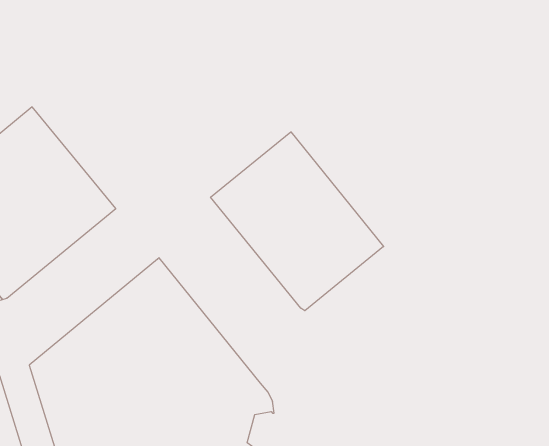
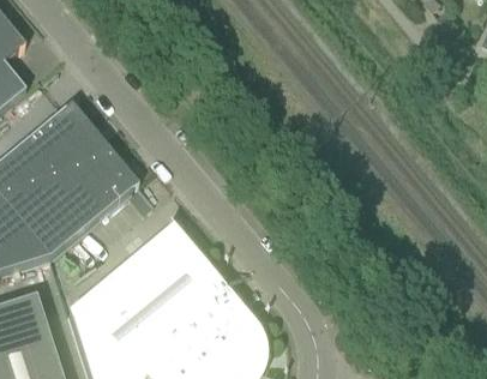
building: [211,132,384,311] -> none

